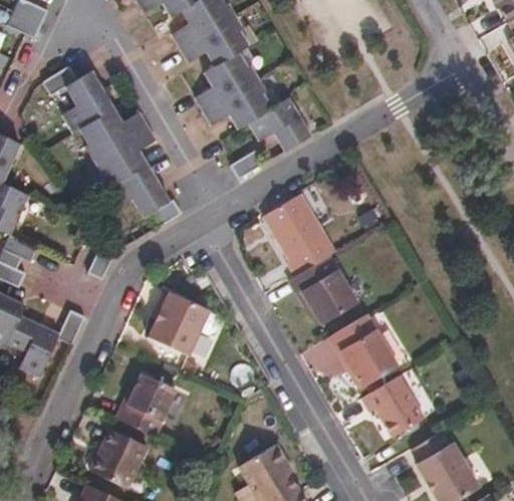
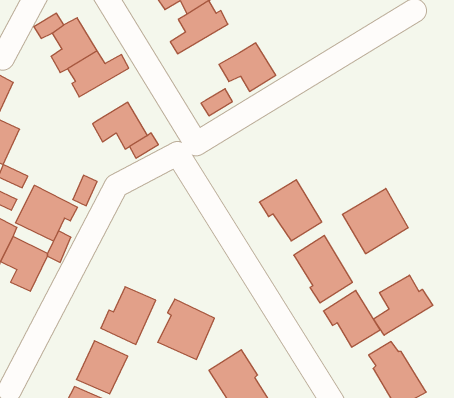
building: [202,78,271,130] -> none
building: [92,128,155,186] -> none
building: [269,188,341,272] -> none
building: none -> [16,185,77,241]
building: none -> [342,188,408,254]
building: [150,289,213,356] -> [158,299,214,359]
building: none -> [374,275,433,335]

